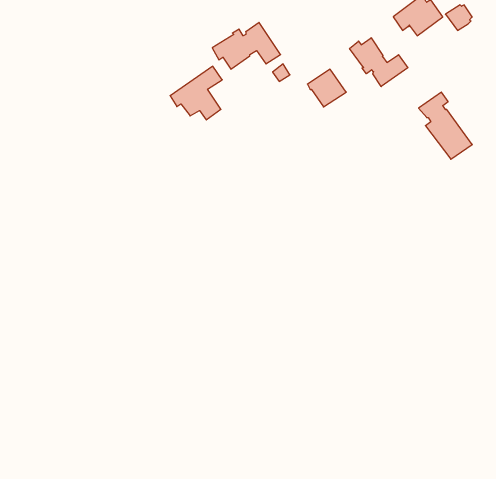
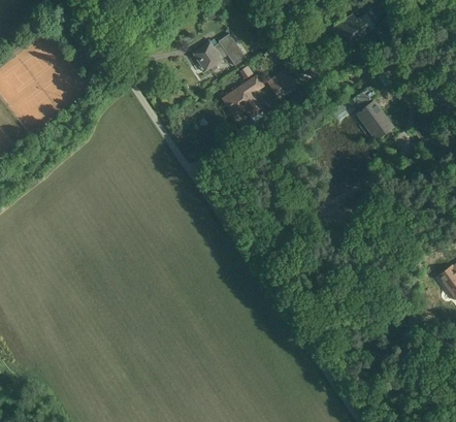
building: [350,38,408,87] -> none
building: [170,66,222,120] -> [222,76,262,118]

